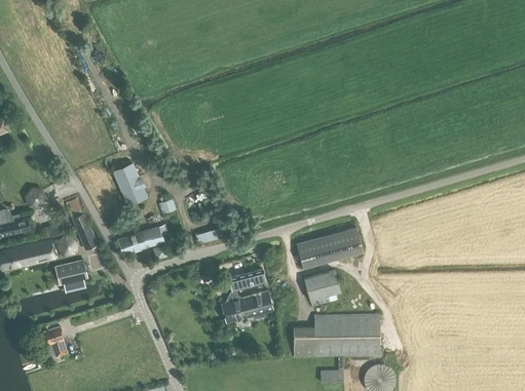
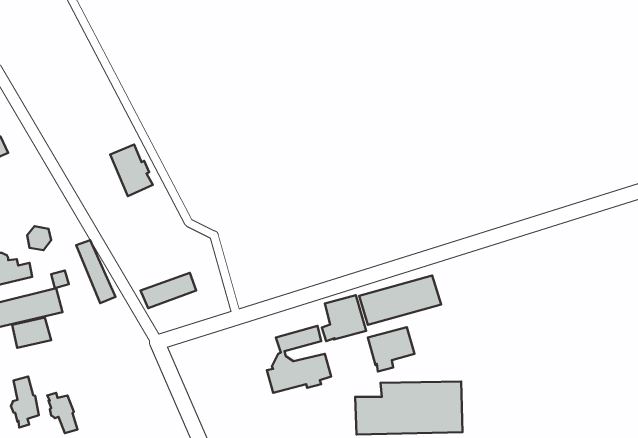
building: [113,163,148,205] -> [110,145,153,196]
building: none -> [322,295,366,341]
building: [55,260,87,284] -> [12,317,51,348]
building: none -> [11,376,39,427]

